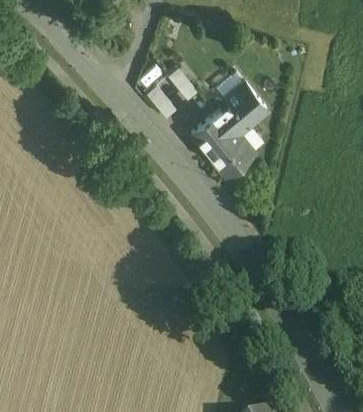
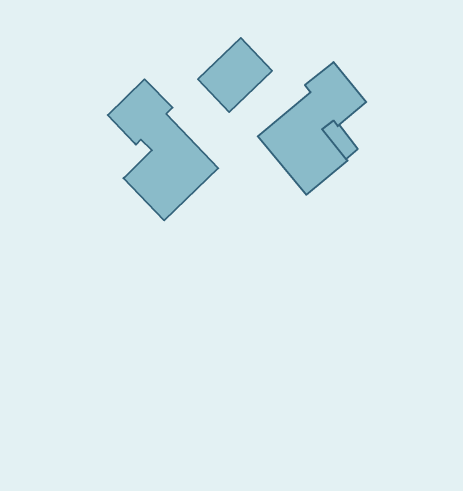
building: none -> [108,79,218,220]

